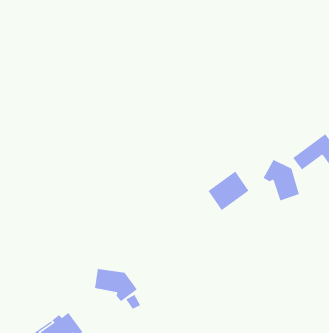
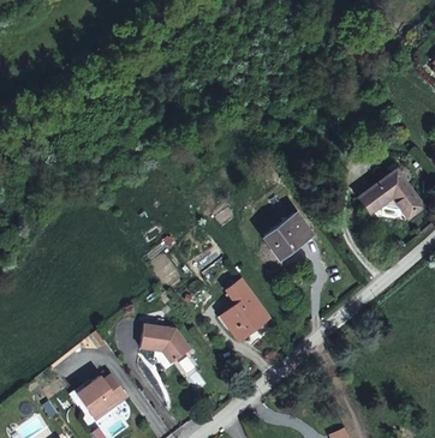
building: [262,159,300,202] -> none
building: none -> [224,278,273,340]

